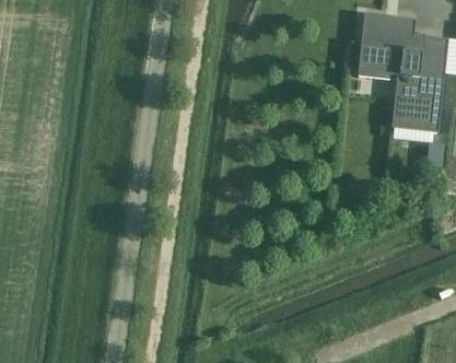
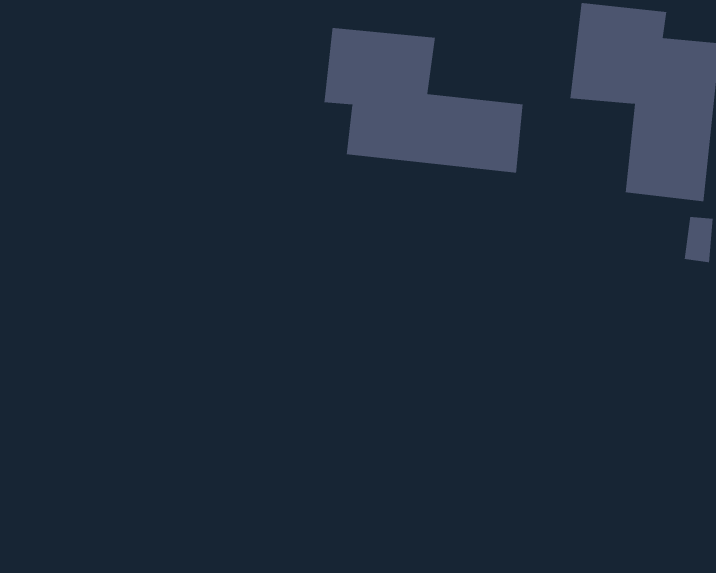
building: none -> [324,27,523,173]

